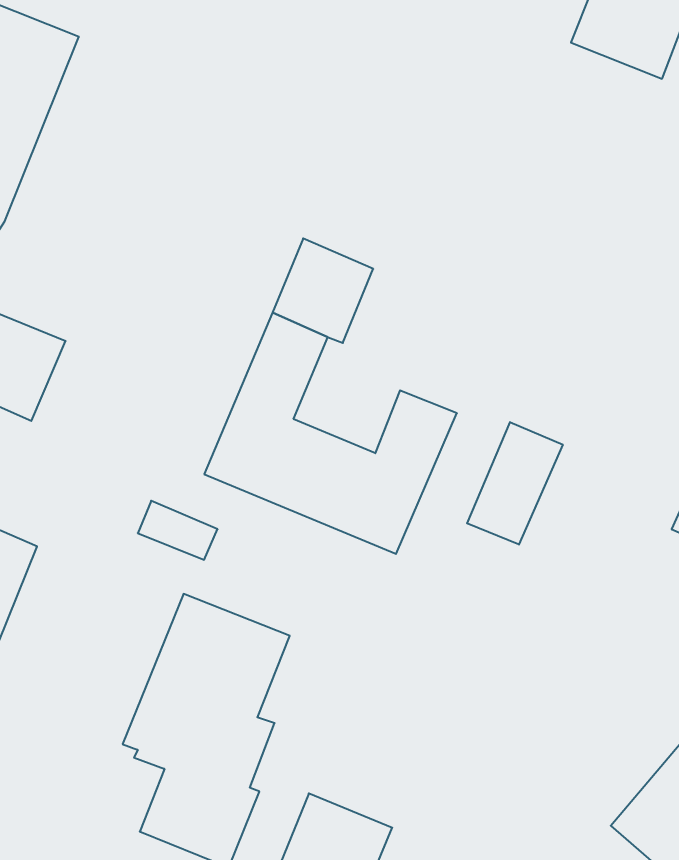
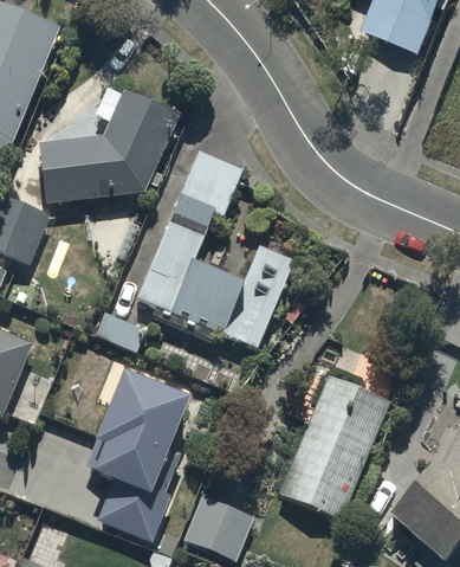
building: none -> [39,90,179,202]
building: [467,422,563,545] -> none
building: none -> [278,375,390,518]

